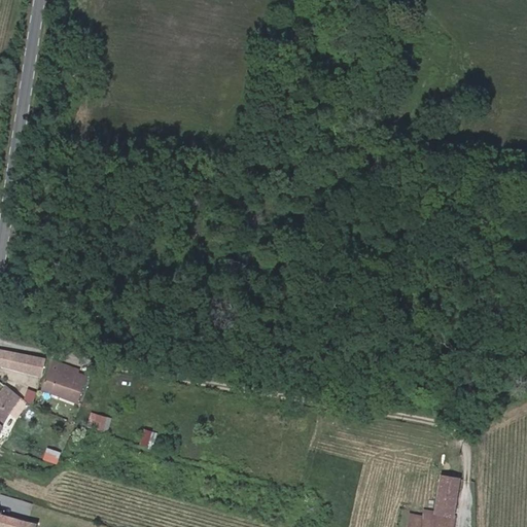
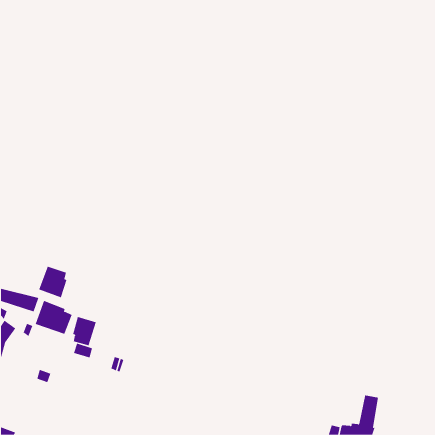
building: none -> [38,266,67,298]
building: none -> [73,316,96,346]

